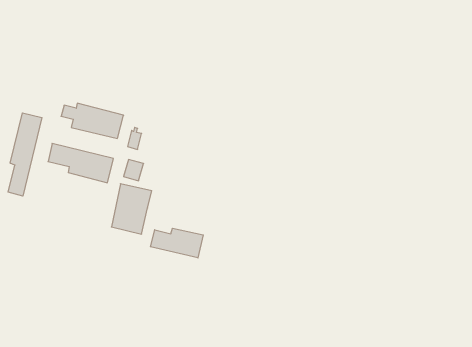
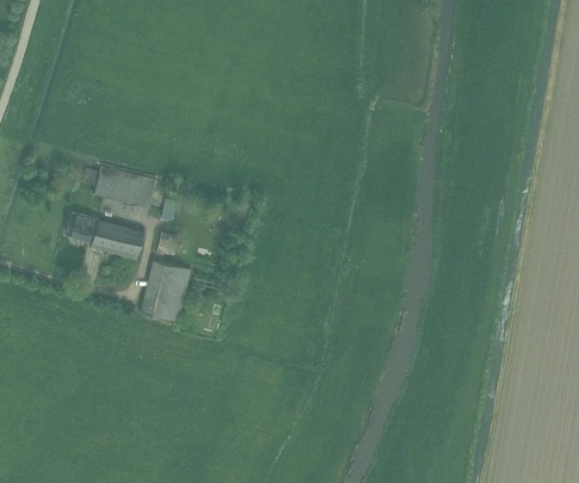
building: [8,113,42,196] -> none
building: [150,228,203,258] -> none

